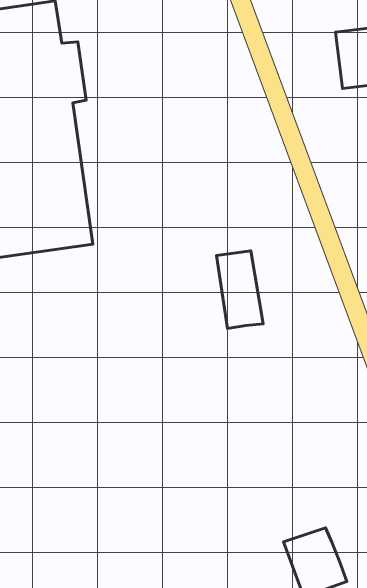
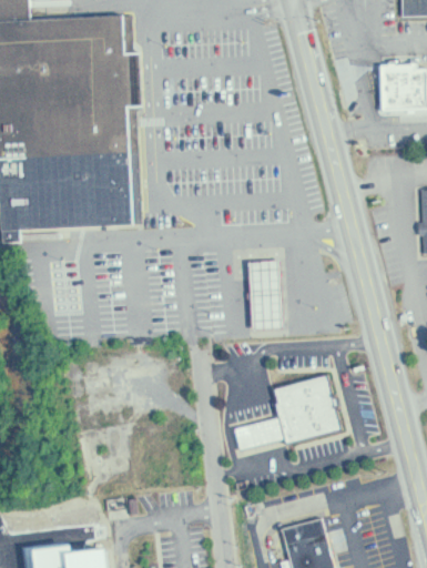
building: none -> [232,368,342,444]

